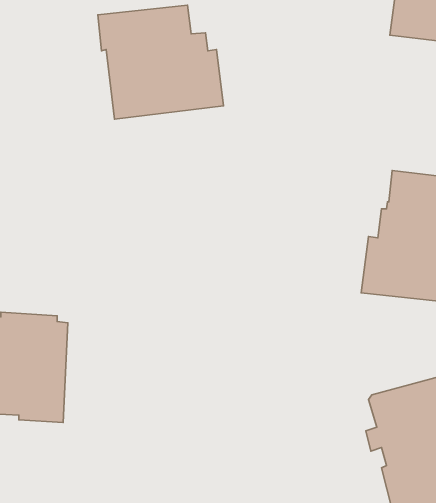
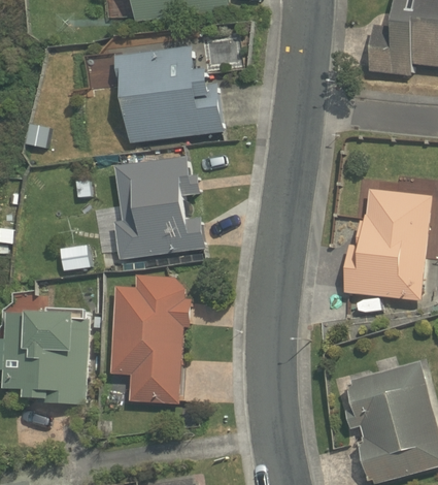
building: none -> [112,155,203,261]
building: none -> [110,274,191,405]

